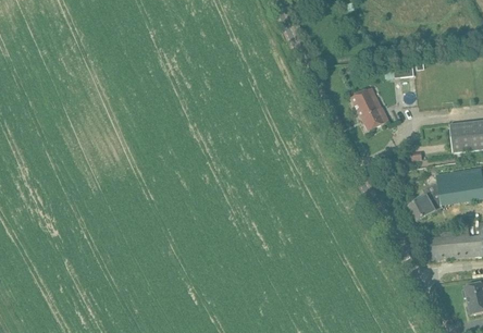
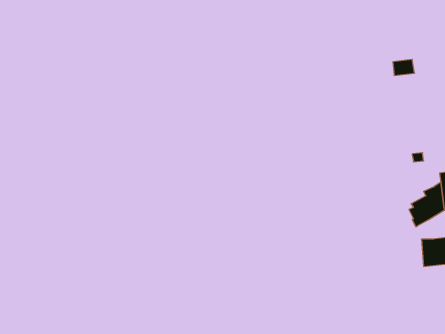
building: [352,87,389,131] -> none

